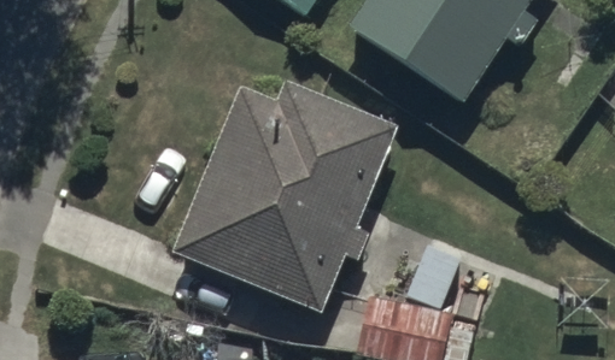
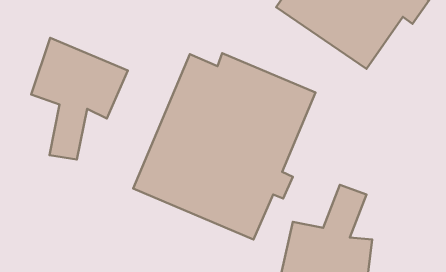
building: none -> [31,38,128,159]

